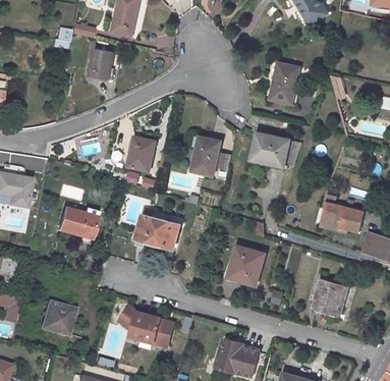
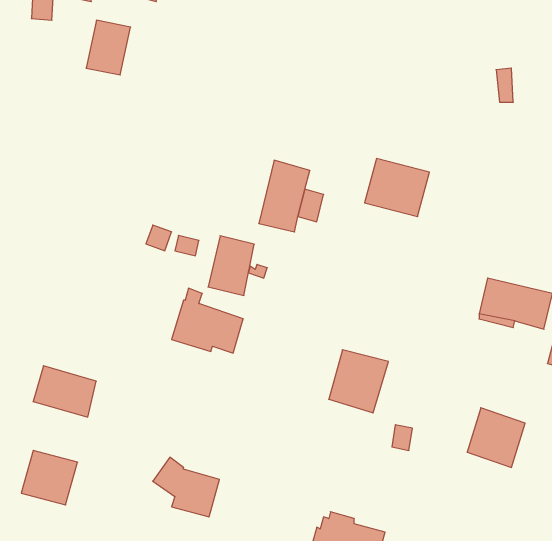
building: [272,60,301,101] -> none
building: [125,135,153,171] -> [208,236,254,295]
building: [60,210,98,240] -> [33,366,96,417]

